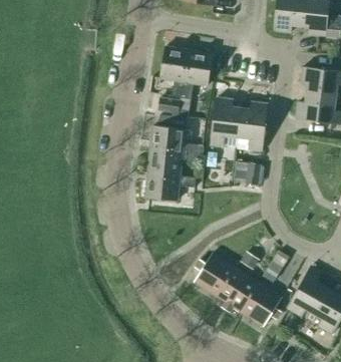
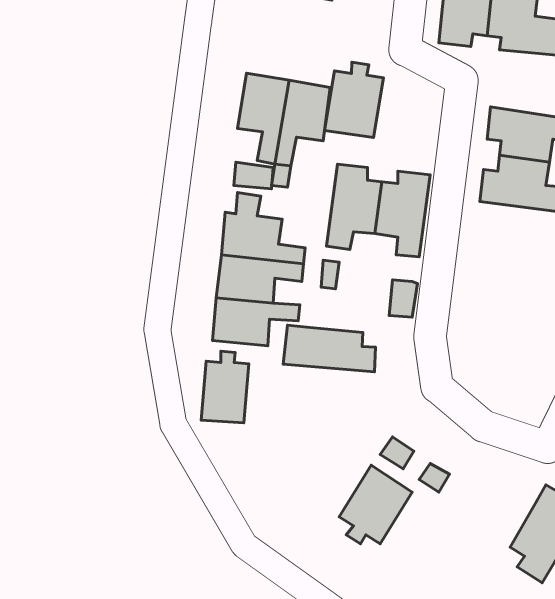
building: none -> [324,62,384,138]
building: none -> [283,325,376,372]
building: none -> [201,351,249,423]
building: [194,253,236,297] -> none
building: [287,266,329,316] -> none
building: [241,283,283,326] -> none

